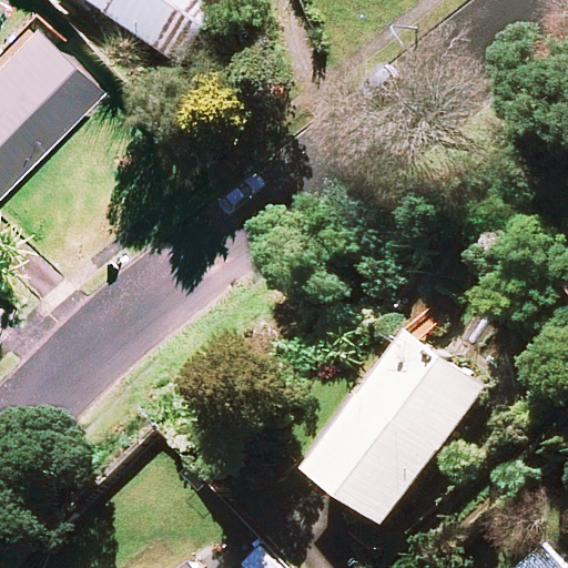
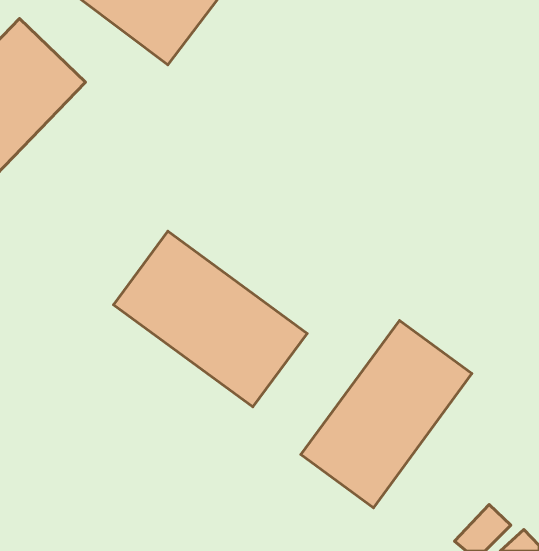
building: none -> [114,231,307,407]

